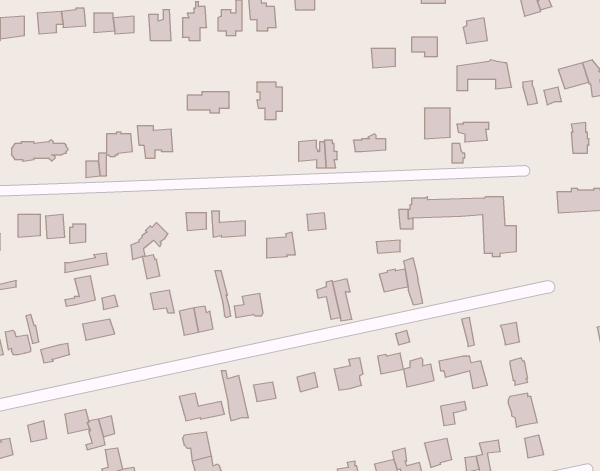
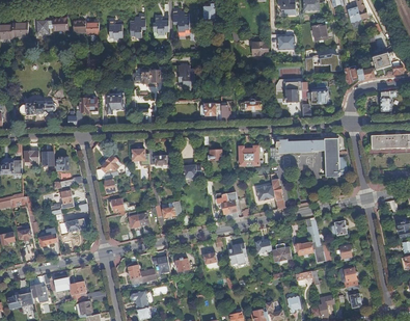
building: none -> [238,144,259,165]

